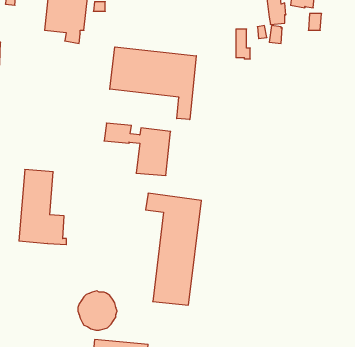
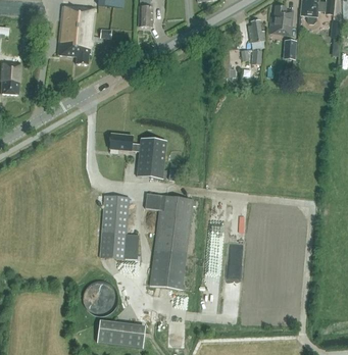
building: [110,47,196,120] -> none
building: [19,170,66,245] -> [100,196,141,260]

